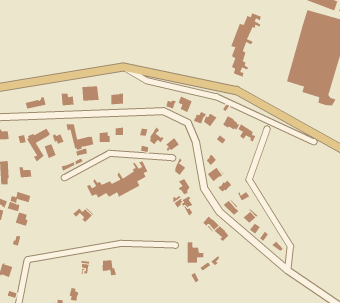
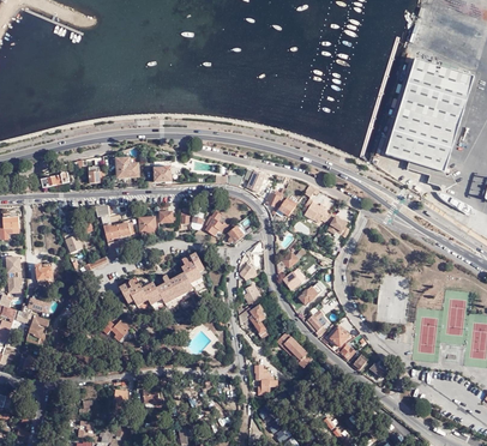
building: [231,13,262,77] -> none
building: [26,128,51,163] -> none

